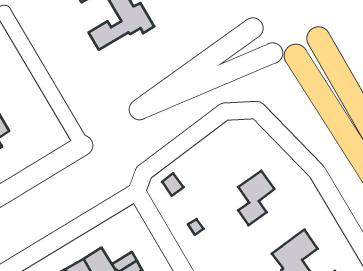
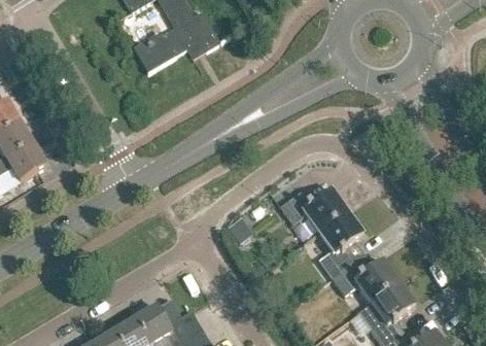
building: none -> [279,189,346,231]
building: none -> [331,260,397,302]

